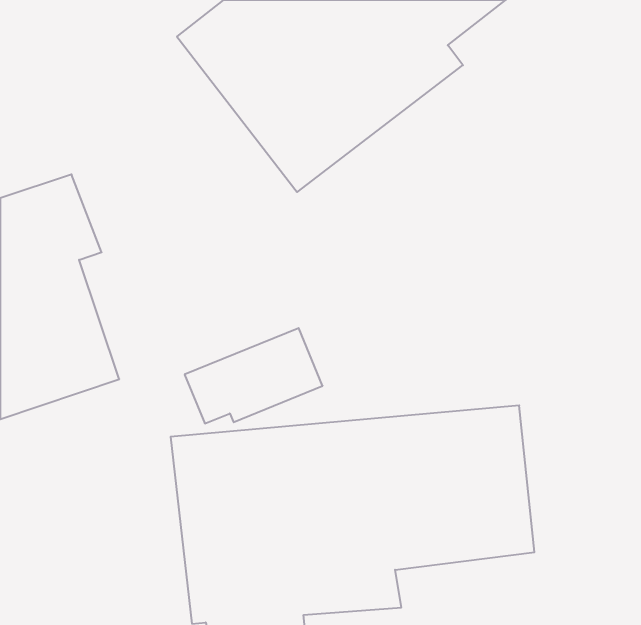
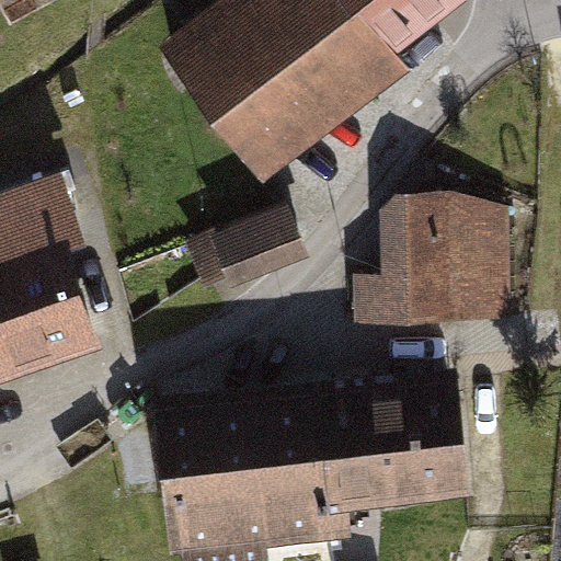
building: none -> [351,193,511,329]
building: [185,328,323,423] -> [184,206,305,289]

